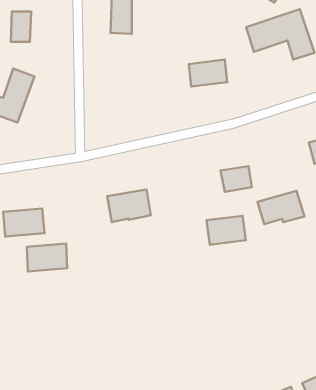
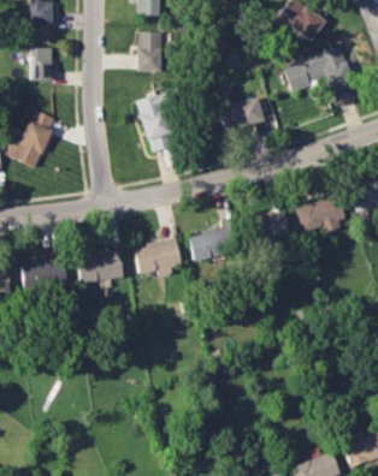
building: none -> [137,94,176,153]
building: [257,191,304,224] -> [295,196,345,232]
building: [207,216,246,245] -> [189,228,231,260]
building: [27,243,67,271] -> [78,251,122,281]

